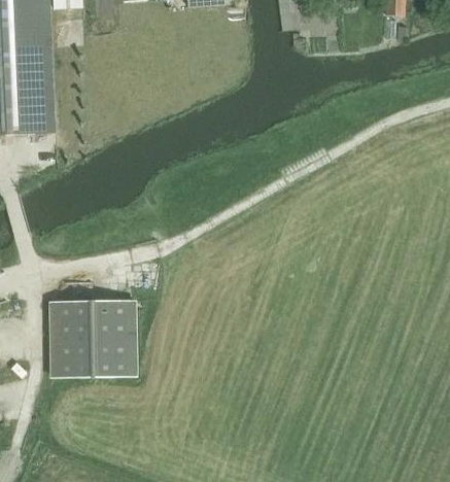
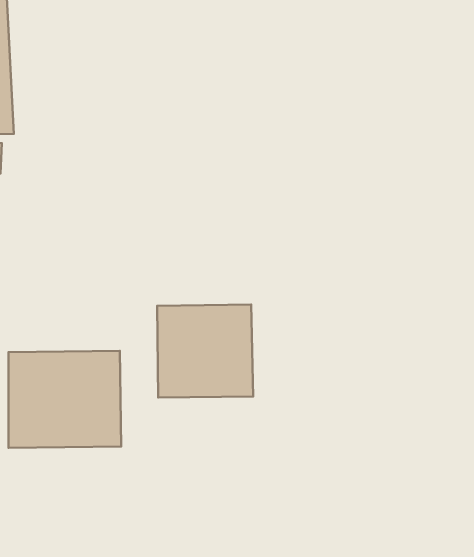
building: none -> [157,305,253,398]

